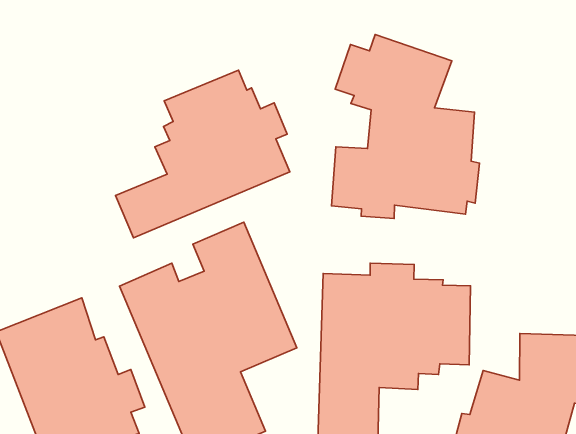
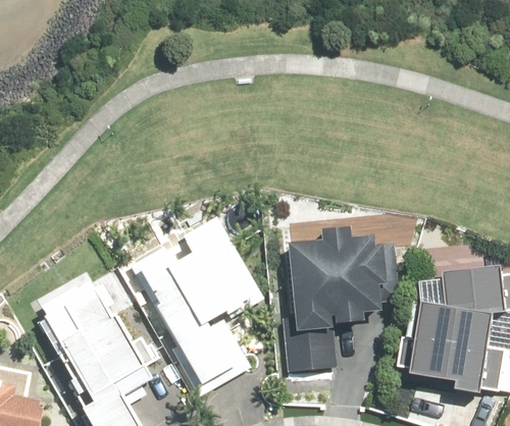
building: [331,34,479,218] -> none
building: [115,70,290,238] -> none

